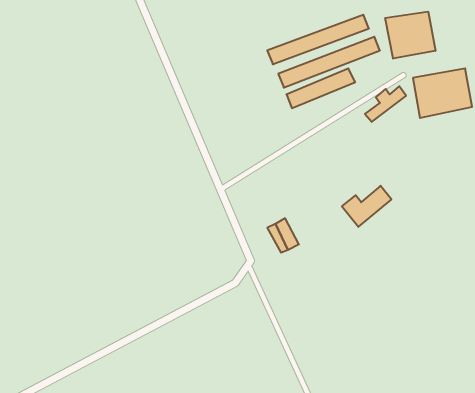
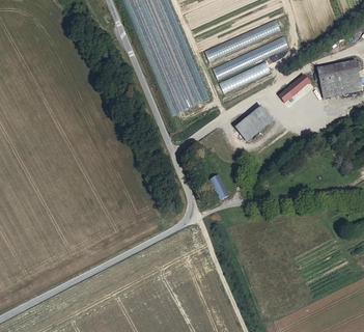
building: [385,12,435,59] -> none
building: [342,186,391,227] -> [232,105,270,136]

